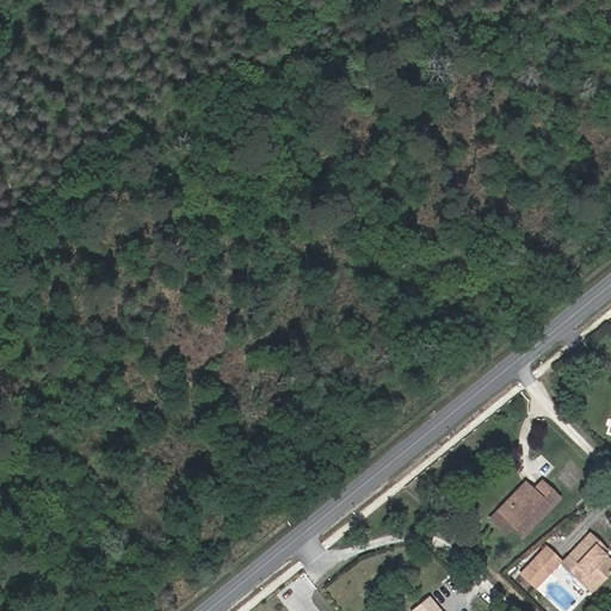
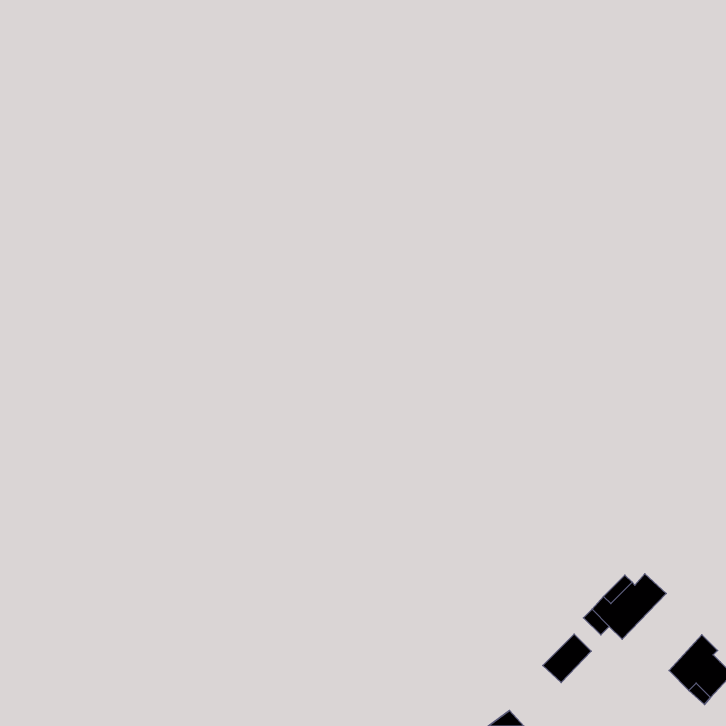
building: [520,547,561,587] -> [543,634,591,683]

